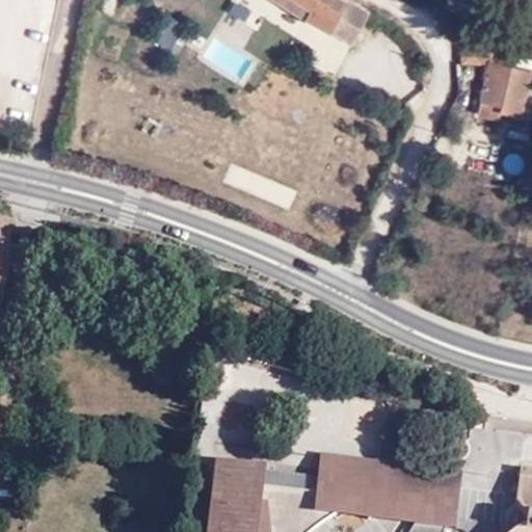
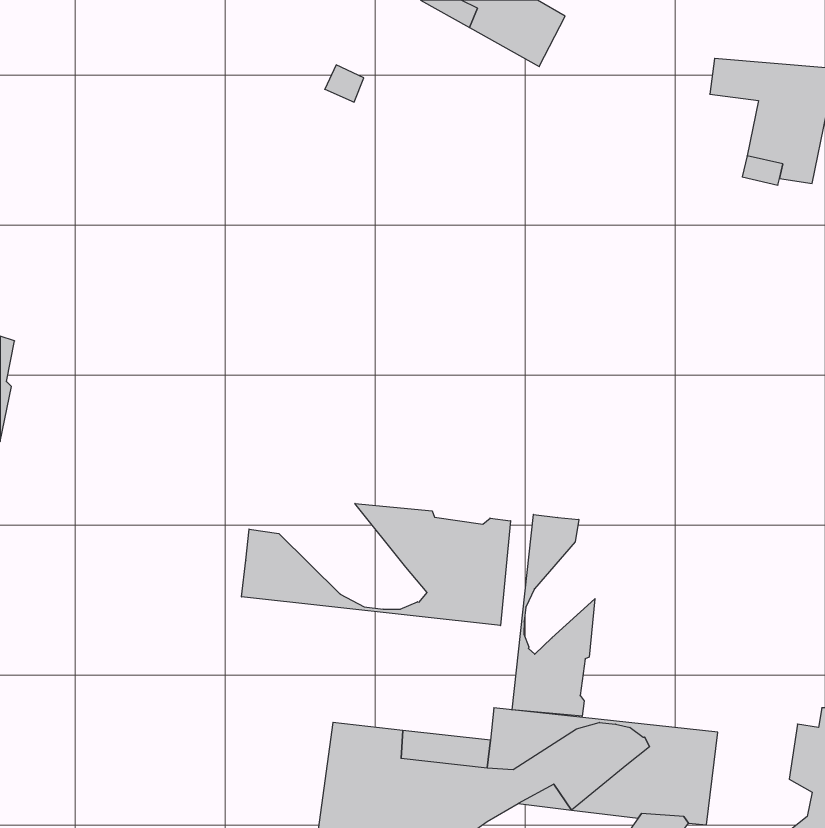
building: none -> [242,503,511,626]
building: none -> [512,514,595,716]

